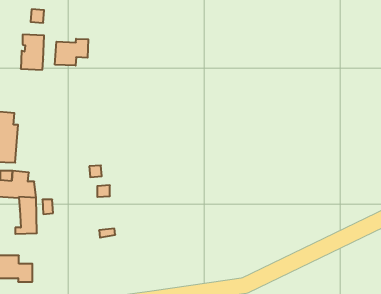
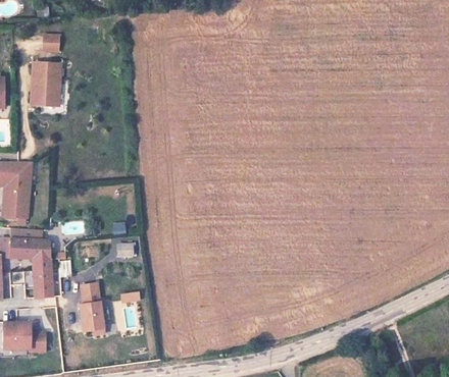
building: [55,39,88,66] -> none
building: none -> [79,285,103,337]

